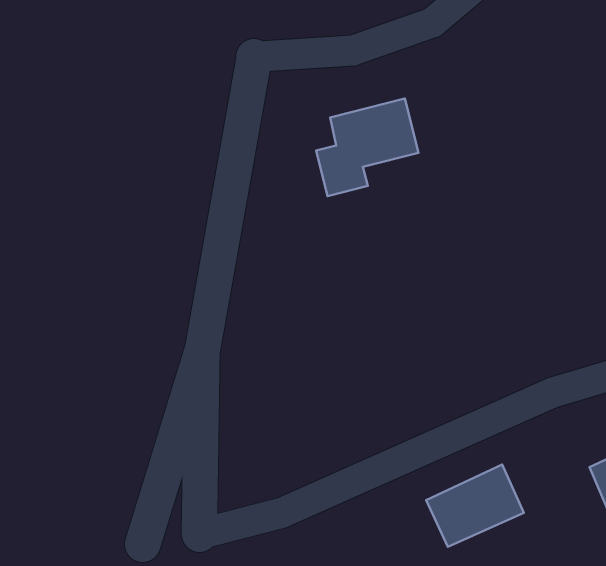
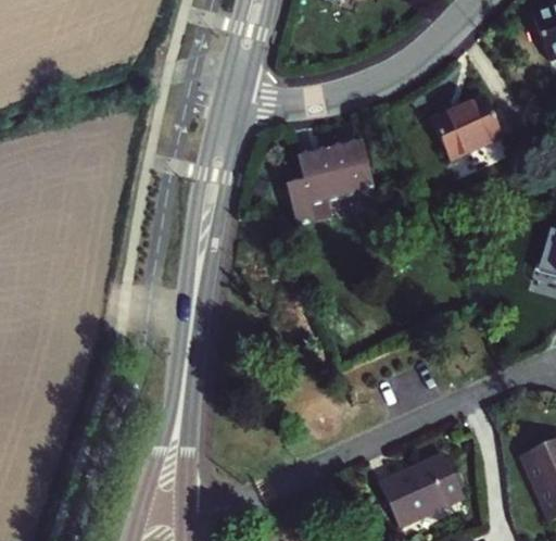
building: none -> [432,95,504,160]

